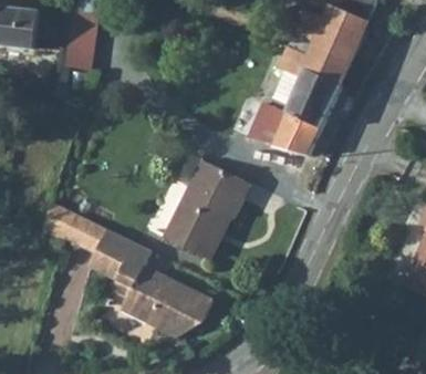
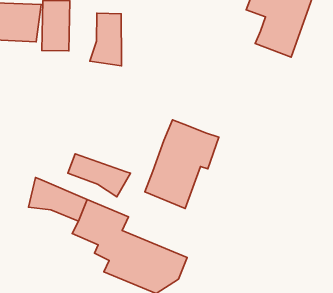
building: none -> [90,13,121,66]
building: [249,46,340,158] -> none
building: none -> [68,154,130,197]

